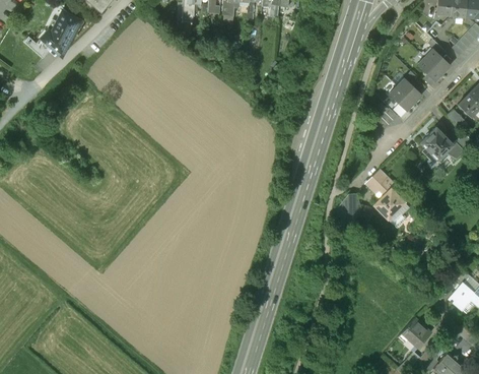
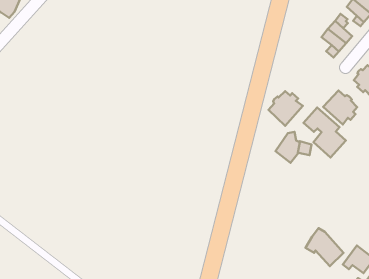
building: none -> [269,91,303,126]
building: none -> [323,91,357,125]
building: none -> [306,228,343,266]

